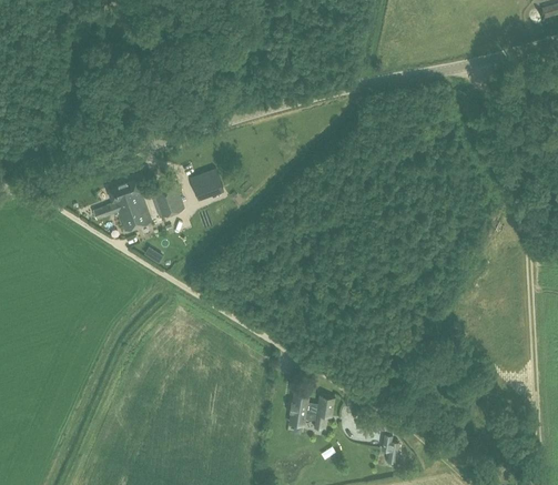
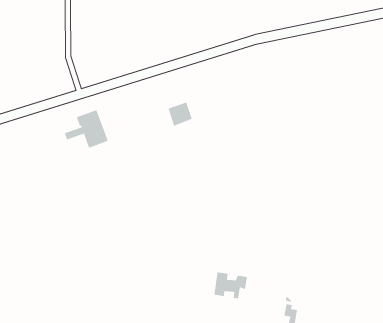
building: [190,169,223,202] -> [167,101,193,127]
building: [152,185,183,219] -> none

